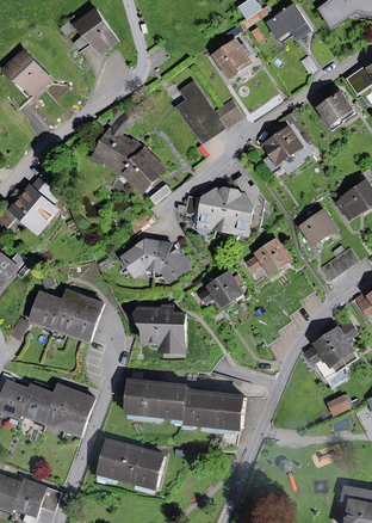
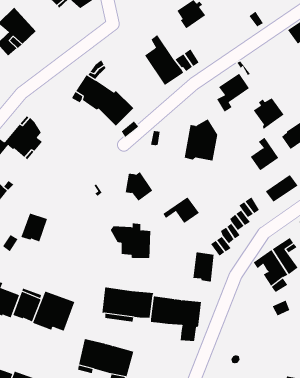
building: [316,92,353,130] -> [253,97,284,130]
building: [198,187,229,228] -> none
building: [122,240,157,275] -> none
building: [246,240,289,272] -> none
building: [50,290,101,338] -> none
building: none -> [193,252,214,282]

